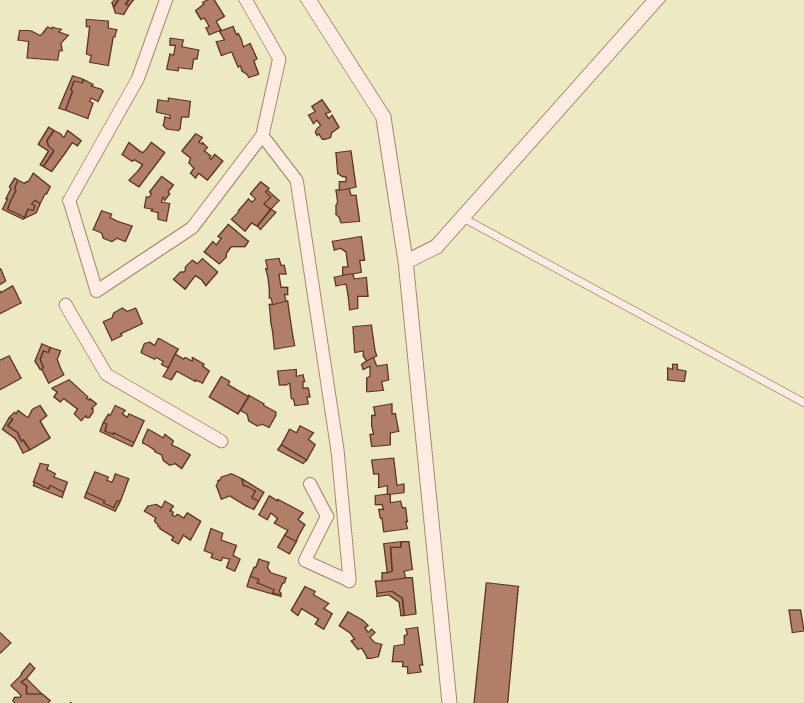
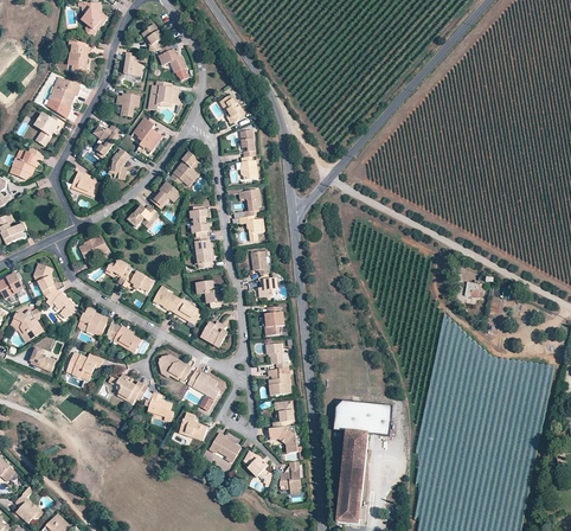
building: [18,27,69,60] -> none
building: none -> [148,81,178,109]
building: none -> [333,401,391,434]

